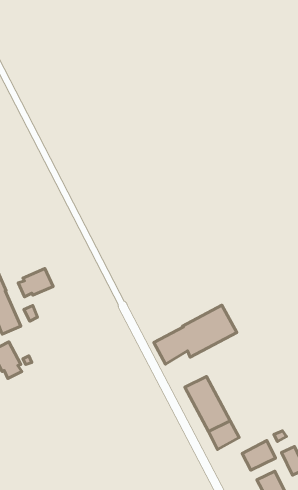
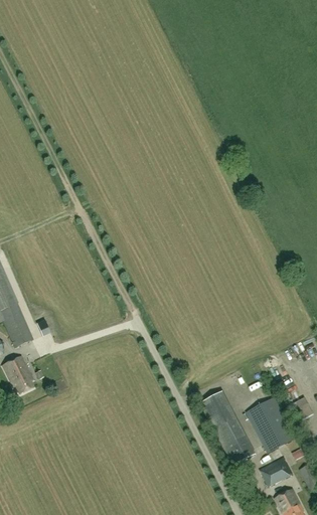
building: [18,269,53,297] -> none
building: [154,305,237,364] -> none
building: none -> [246,396,297,453]

